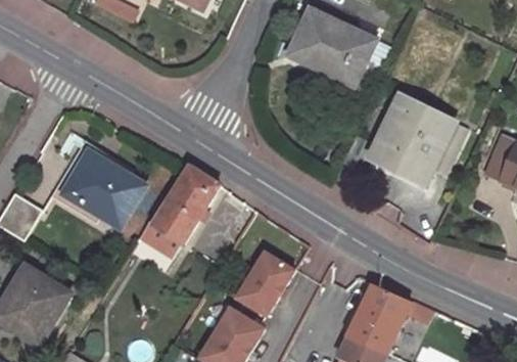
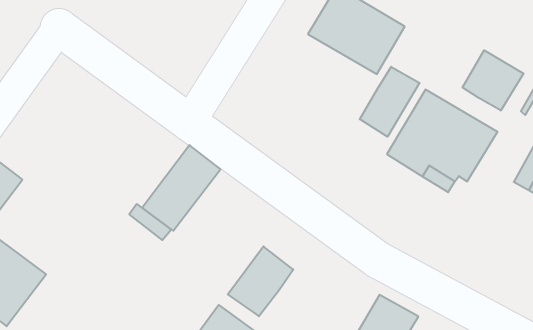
building: none -> [462,50,524,111]
building: none -> [360,67,420,137]
building: [63,145,144,226] -> none

